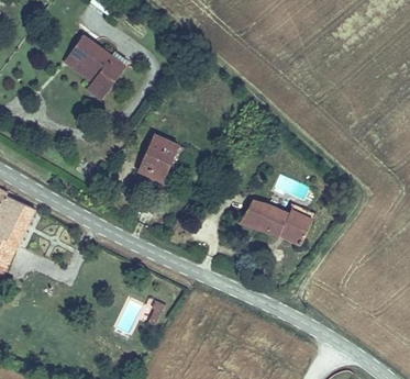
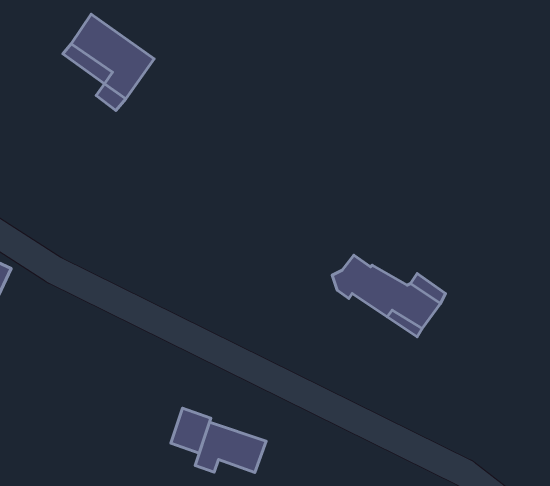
building: [141,138,178,183] -> none
building: none -> [195,422,266,473]

